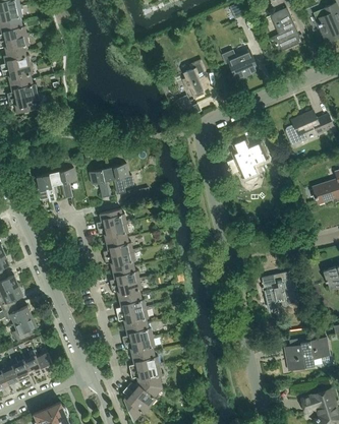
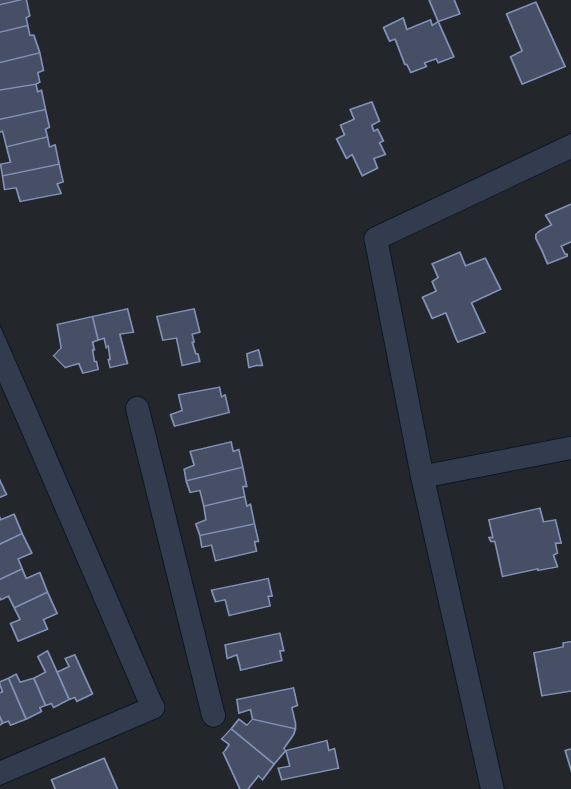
building: [222,51,259,79] -> [383,18,454,72]
building: [108,164,129,195] -> none
building: [98,223,129,243] -> none
building: [116,295,147,315] -> none
building: [122,323,153,344] -> none
building: [128,352,160,372] -> [278,741,339,780]

